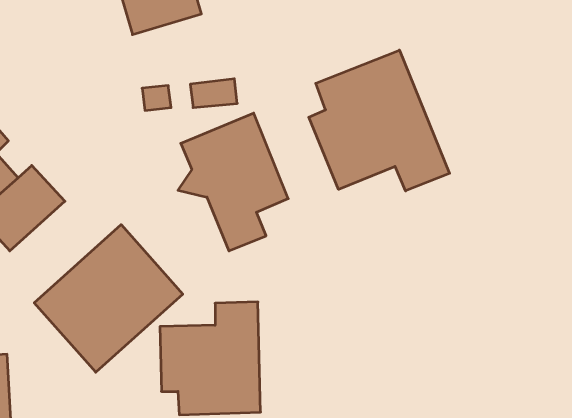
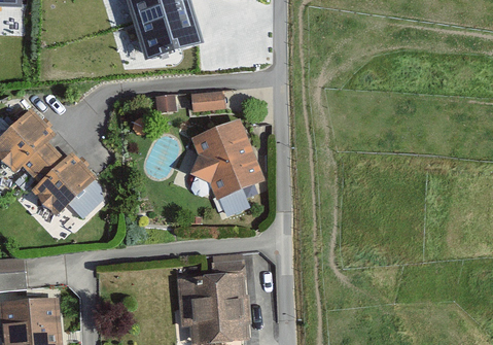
building: [309,50,450,191] -> none
building: [34,225,183,372] -> none

